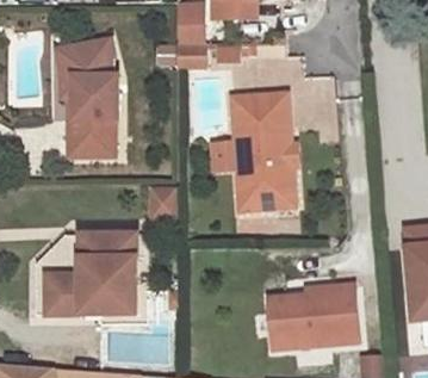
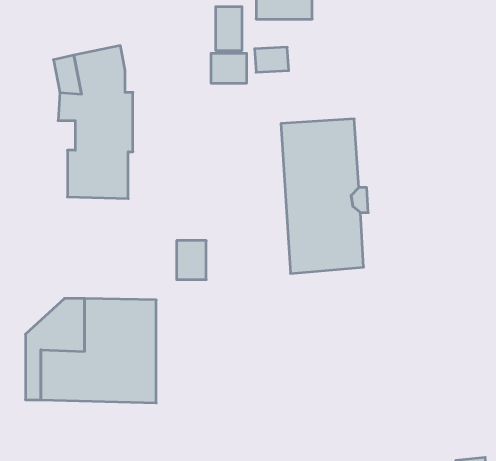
building: [267,290,359,349] -> none

